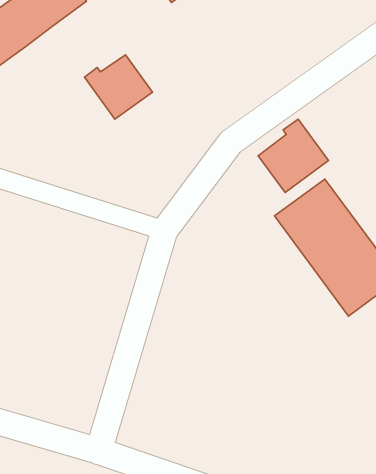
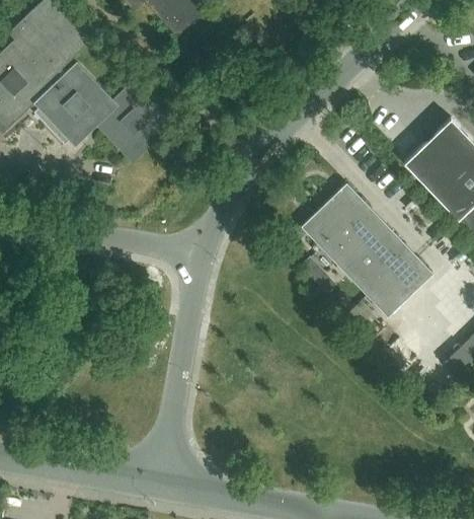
building: none -> [34,70,107,144]
building: [258,119,328,193] -> none

